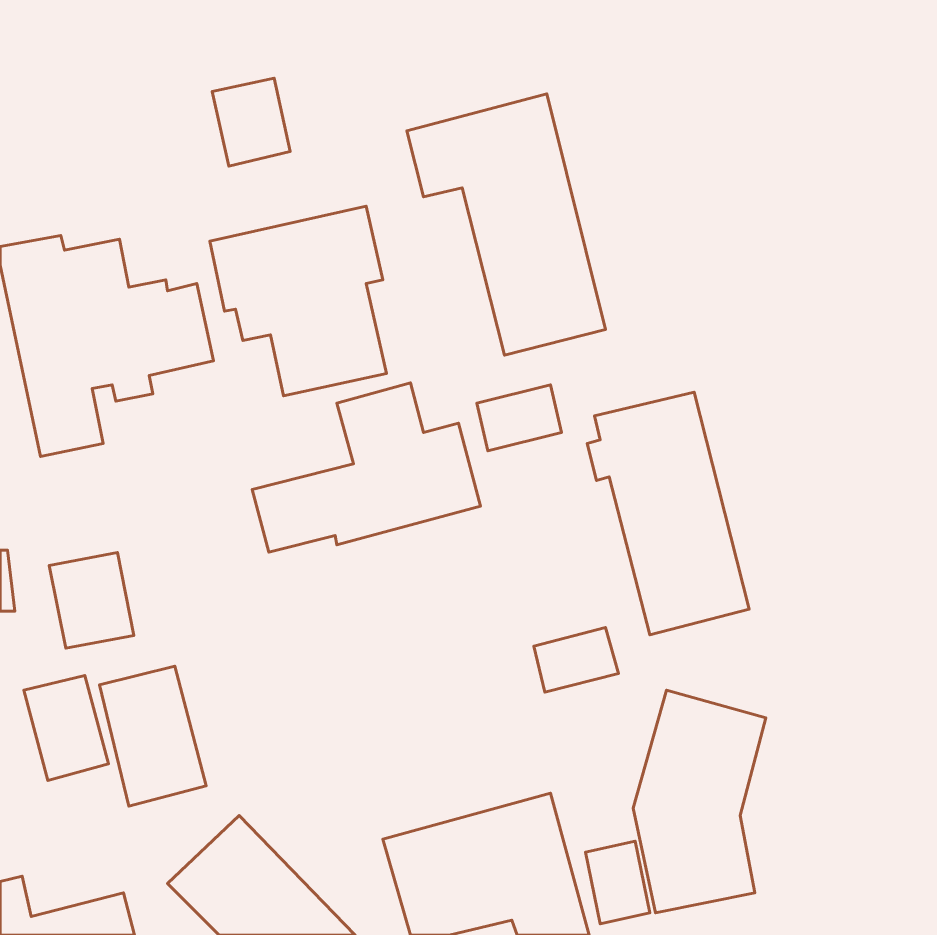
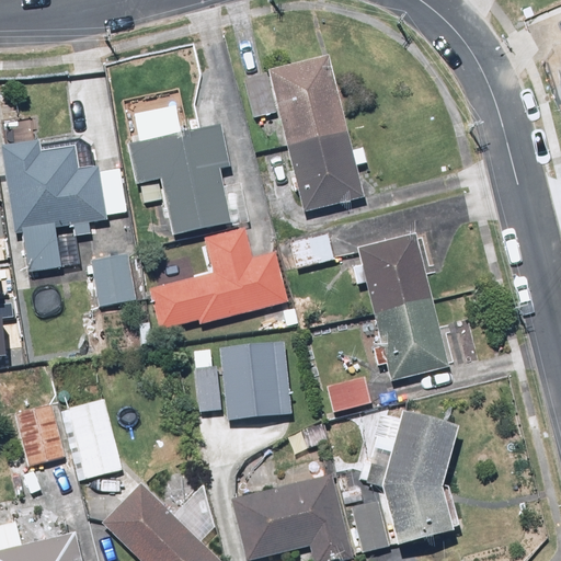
building: [212,78,290,166] -> none
building: [49,553,134,648] -> [88,252,138,309]
building: none -> [218,336,291,423]

